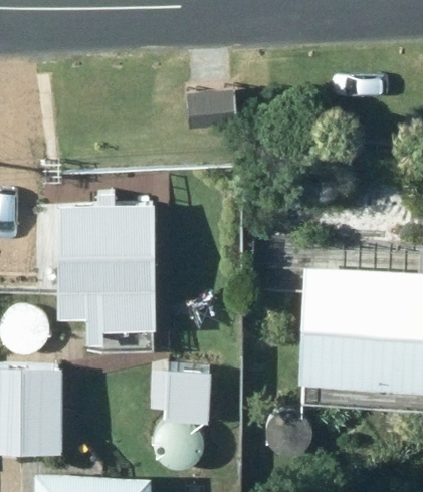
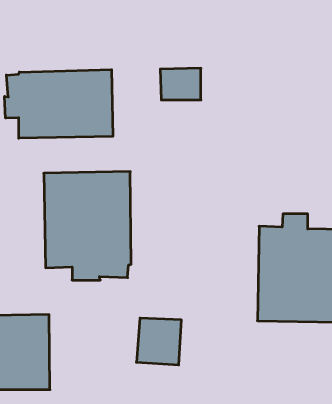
building: none -> [5,70,113,138]

